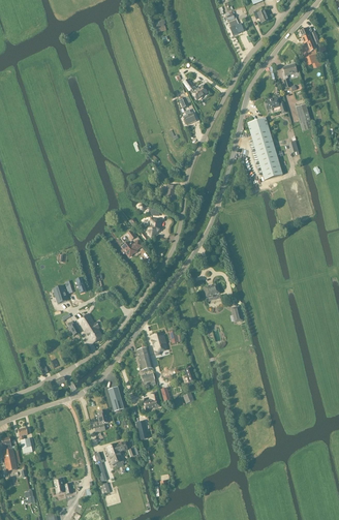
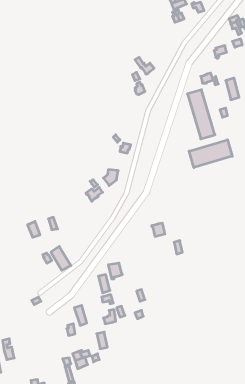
building: none -> [189,140,232,168]

